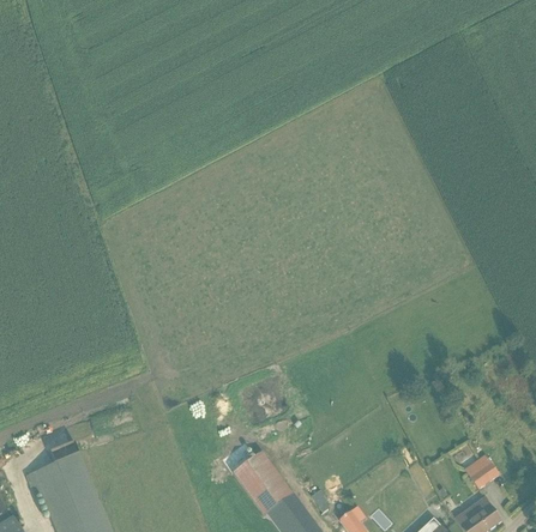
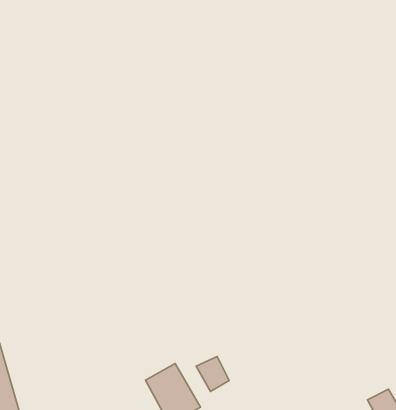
building: none -> [196,357,229,391]

